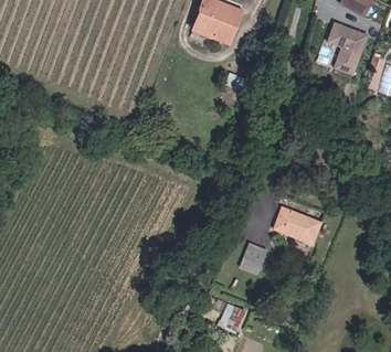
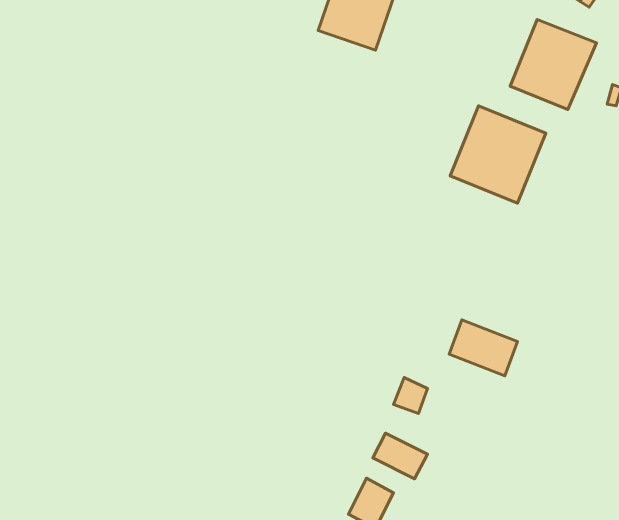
building: none -> [450,106,546,203]
building: none -> [373,433,427,479]

